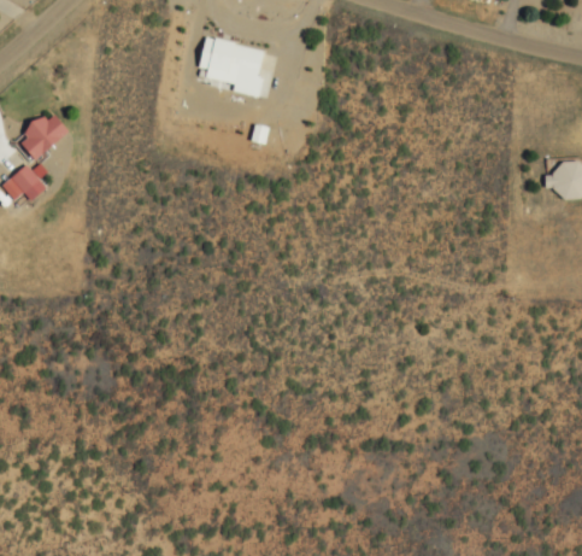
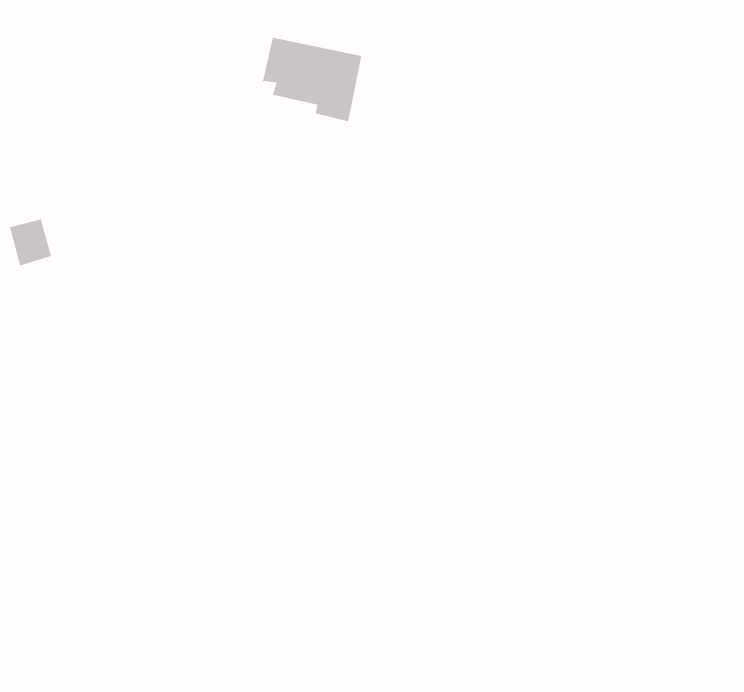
building: [17,110,63,163] -> none

